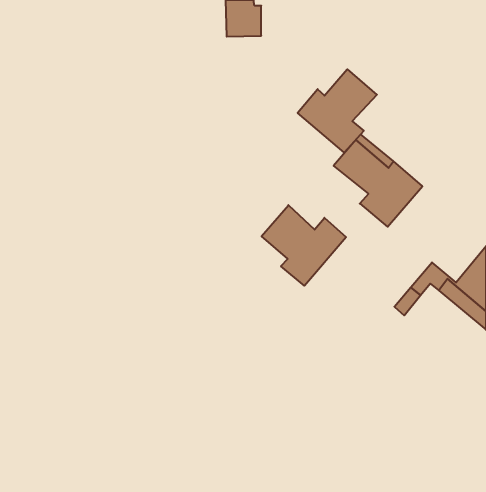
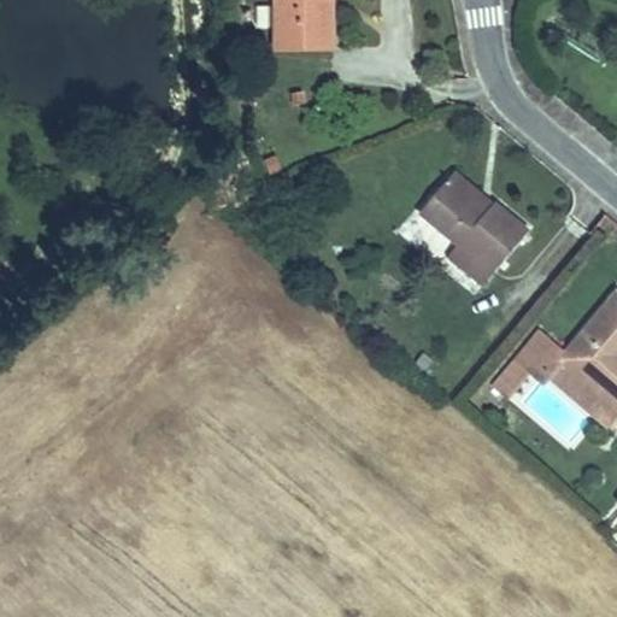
building: [298,69,377,153] -> none
building: [262,205,346,286] -> none

